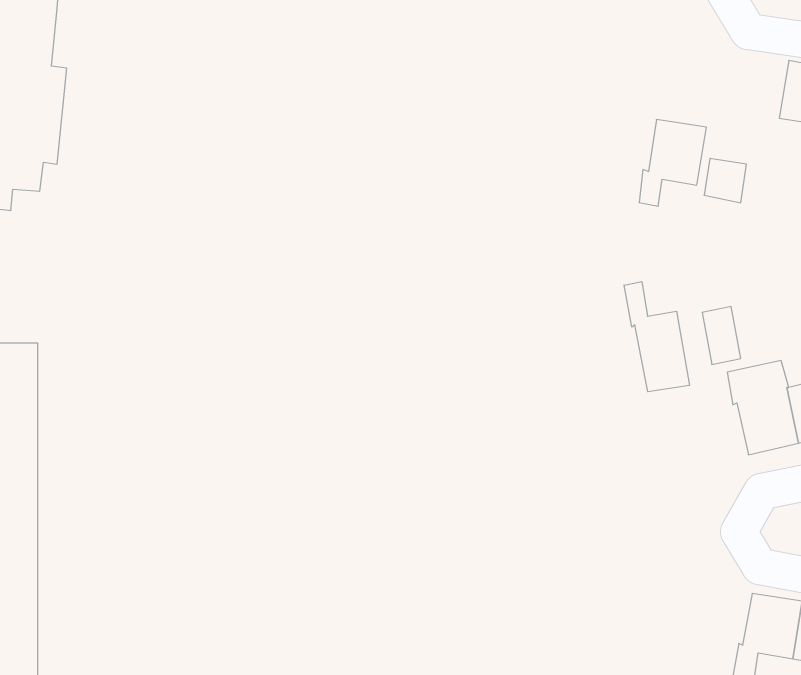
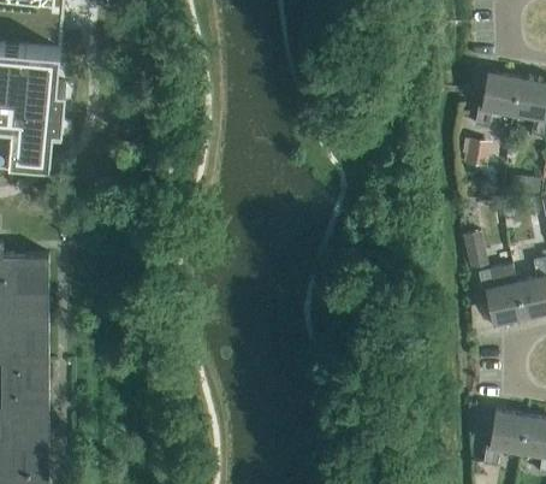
building: [639,120,706,206] -> [475,73,517,128]
building: [624,282,690,392] -> none

